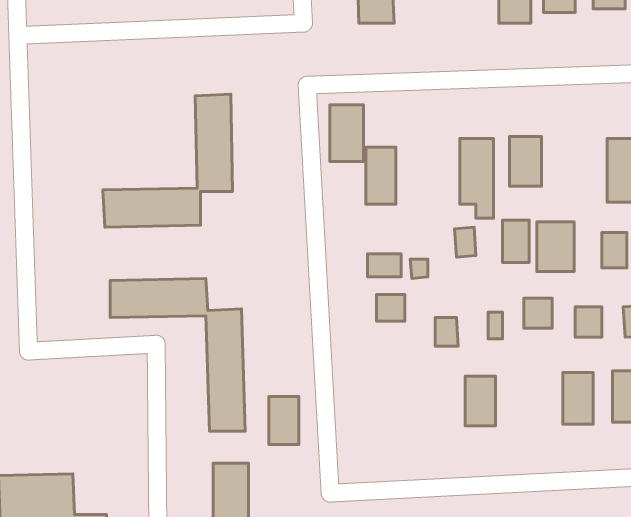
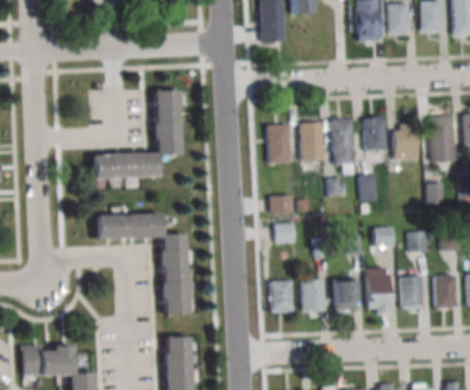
building: [330,105,364,161] -> [301,121,324,159]
building: [537,222,574,272] -> [395,126,420,159]
building: none -> [368,266,393,315]
building: none -> [302,279,325,313]
building: [269,396,299,444] -> [272,281,293,313]

